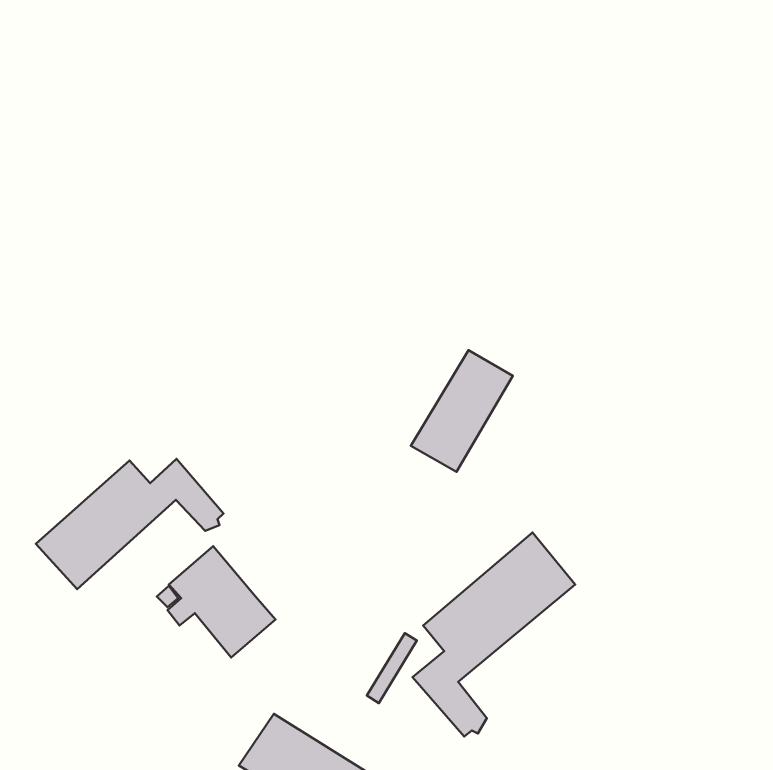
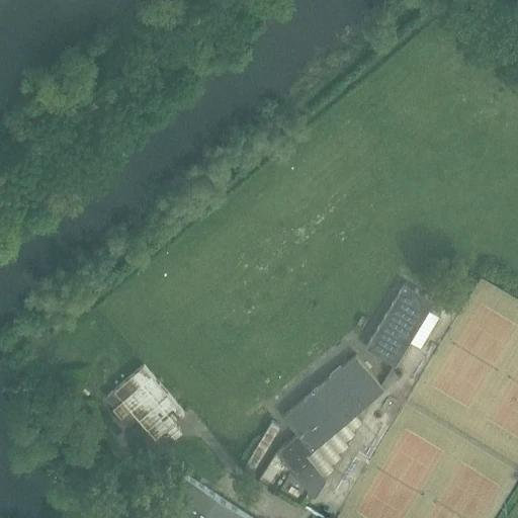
building: [411,350,513,472] -> [363,288,431,369]
building: [36,459,224,589] -> none

